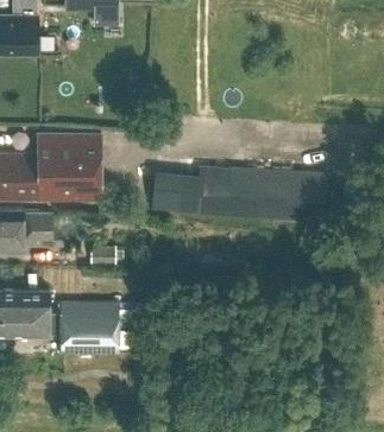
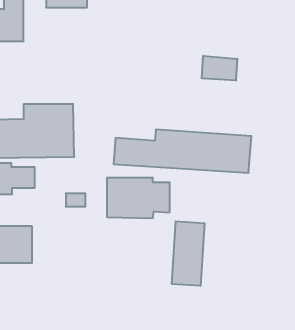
building: none -> [202,56,237,81]
building: none -> [172,221,204,286]
building: [59,303,139,354] -> [107,178,170,218]

